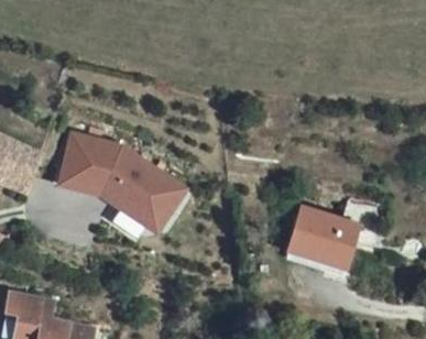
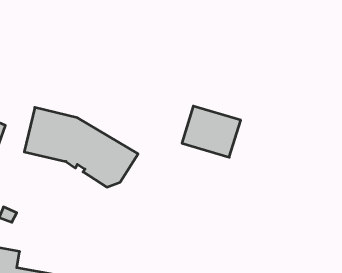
building: [287,214,356,273] -> [182,106,241,157]

